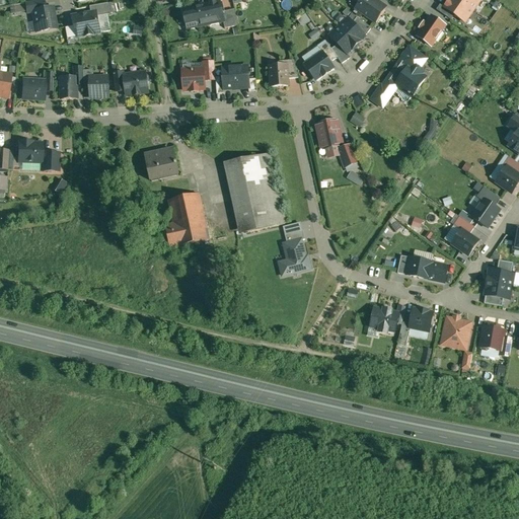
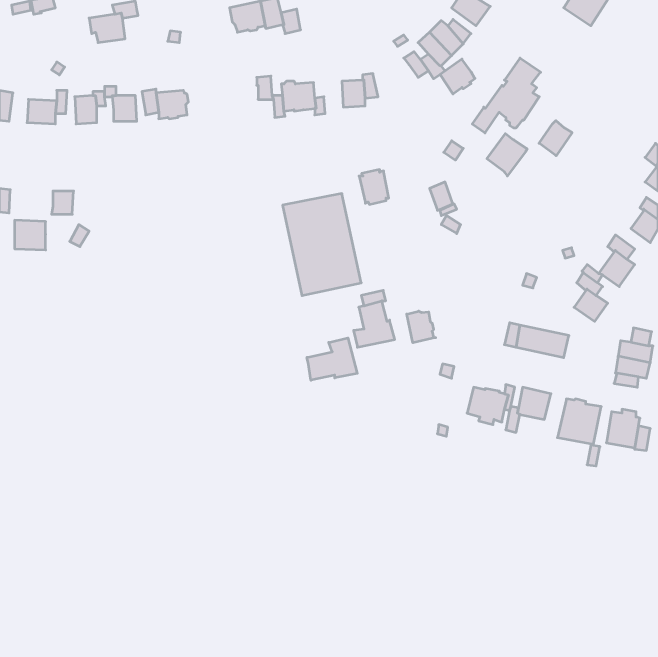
building: [31,5,55,29] -> none
building: [417,14,444,44] -> none
building: [304,51,331,78] -> [440,59,475,94]
building: [181,67,204,90] -> none
building: none -> [539,121,572,156]
building: none -> [487,134,527,176]
building: [316,119,340,146] -> [359,170,389,204]
building: [17,139,42,162] -> [15,220,46,250]
building: [145,148,177,179] -> none
building: [164,192,208,246] -> none
building: none -> [407,311,436,343]
building: none -> [307,338,357,380]

